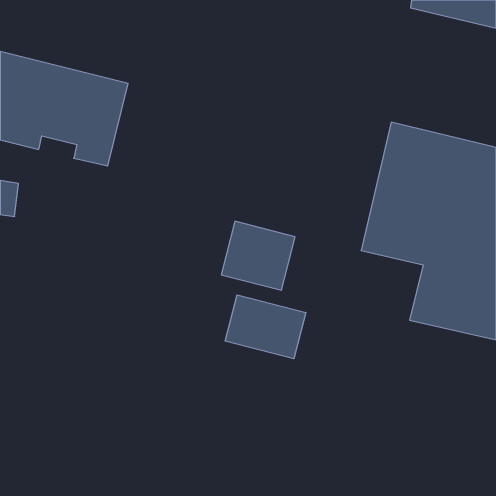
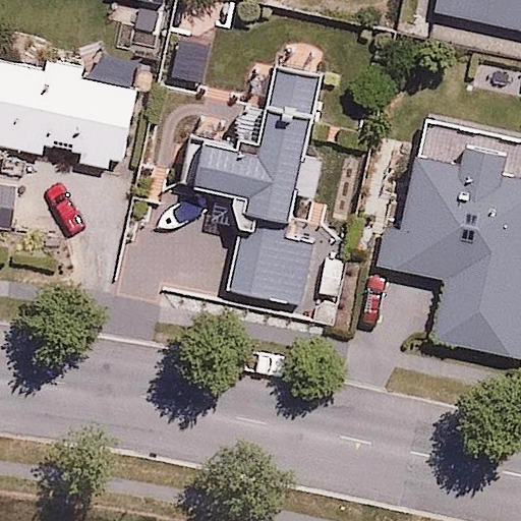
building: none -> [196,70,317,227]
building: [225,295,306,359] -> none

